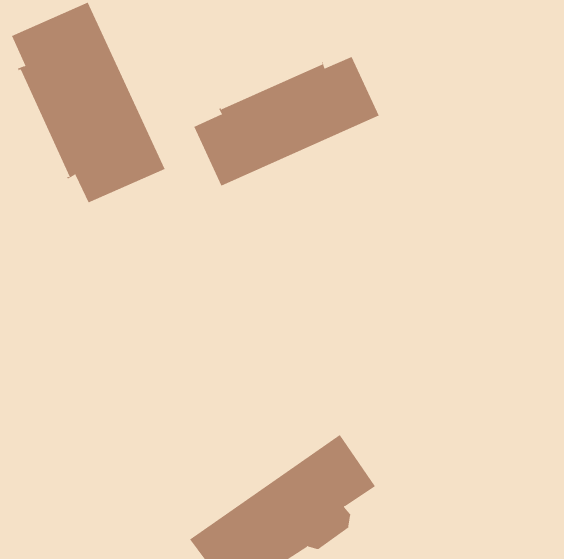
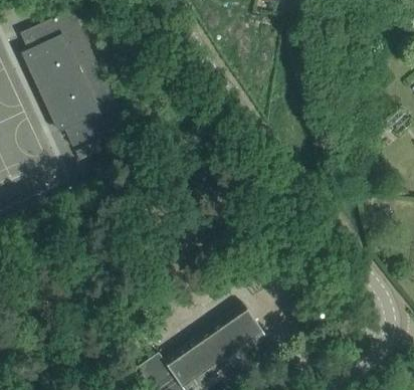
building: [193,56,379,186] -> none

